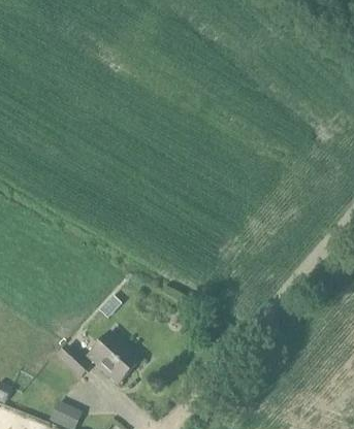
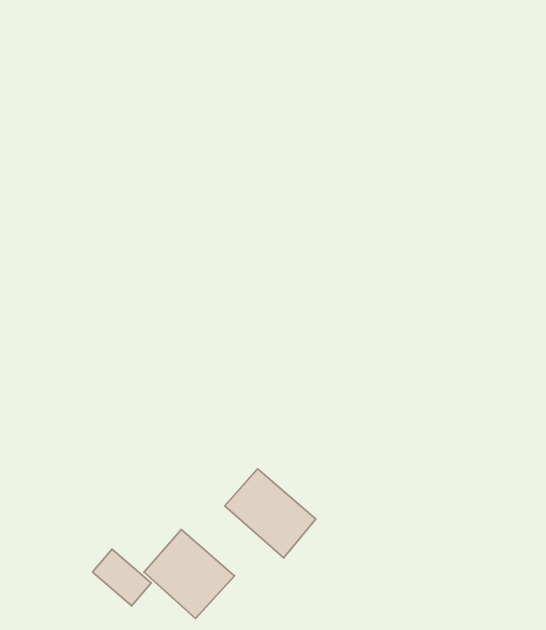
building: none -> [225,469,316,558]

